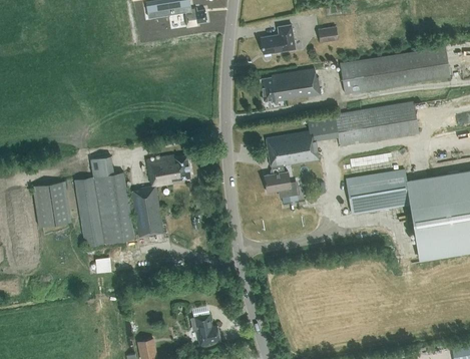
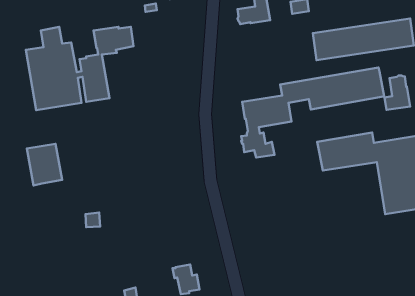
building: [261,70,320,102] -> none
building: none -> [385,75,410,110]
building: [74,156,190,247] -> [26,27,133,110]

